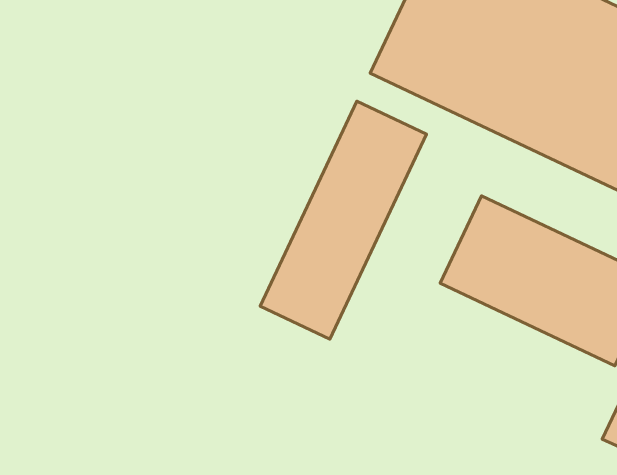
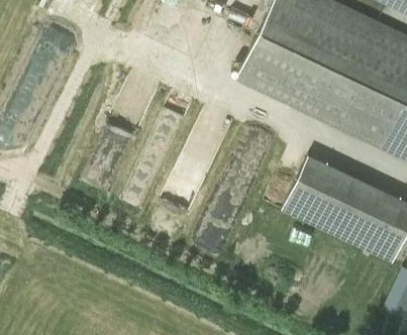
building: [260,101,427,339] -> none

